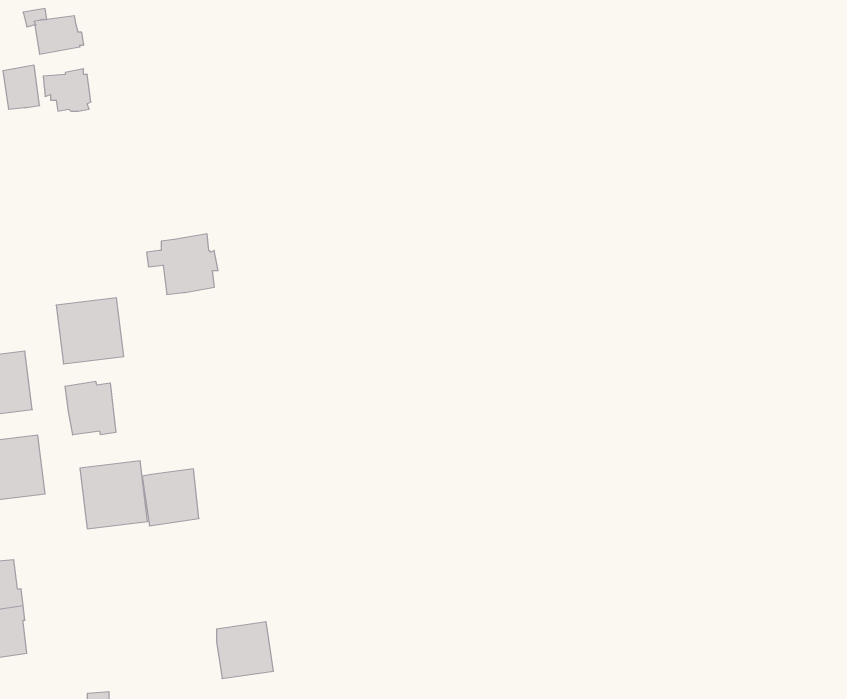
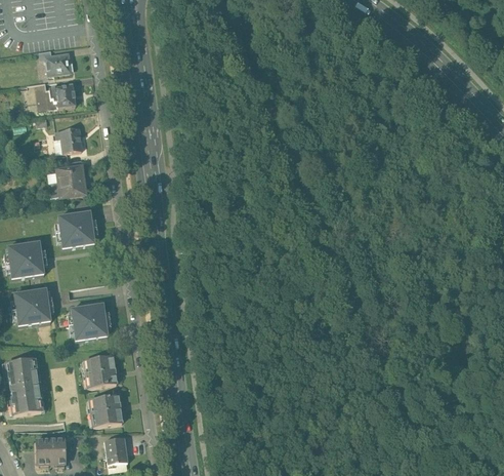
building: none -> [56,128,81,152]
building: [147,234,218,294] -> [48,164,88,198]
building: [65,381,116,435] -> none
building: [142,469,199,526] -> [84,355,116,387]
building: [217,622,273,679] -> [90,394,122,426]

